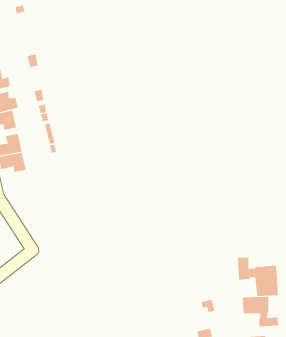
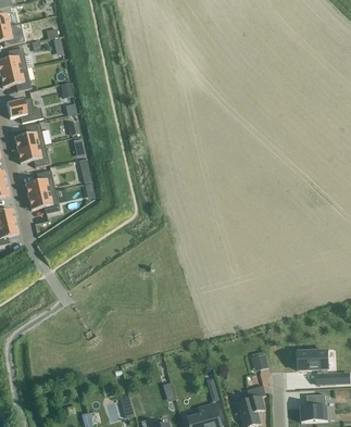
building: [237,257,278,297] -> none

